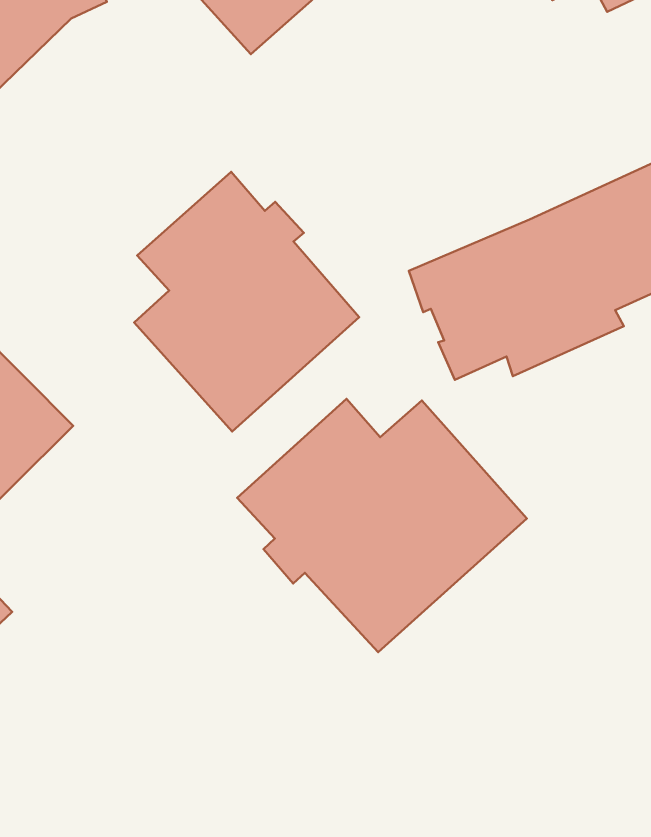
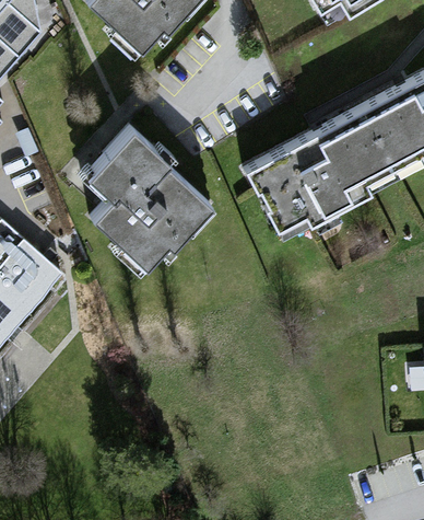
building: [237,399,527,652] -> none

